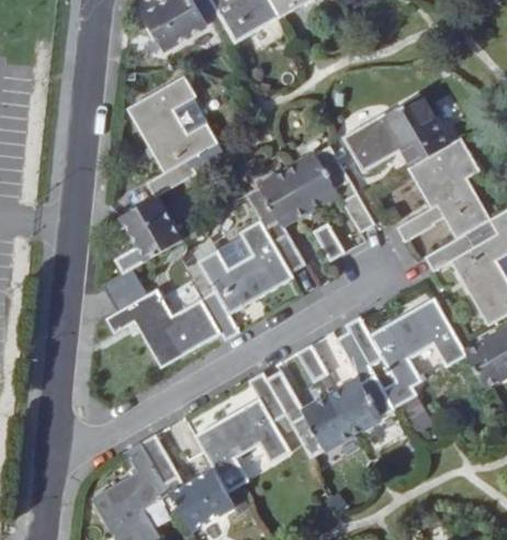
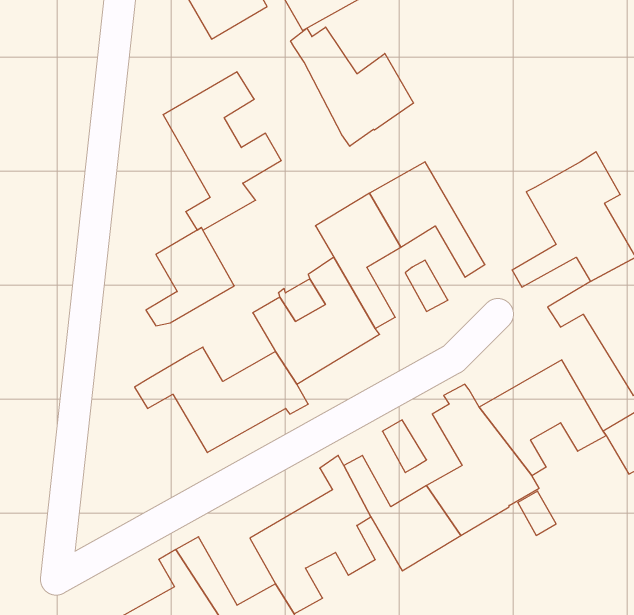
building: none -> [291,27,414,146]
building: [342,95,449,171] -> none
building: [101,269,148,312] -> none

